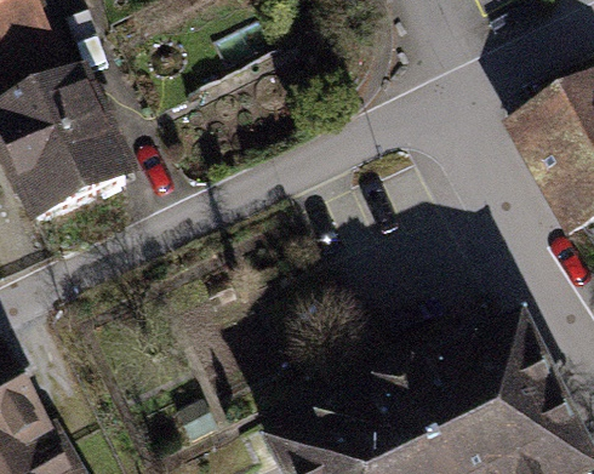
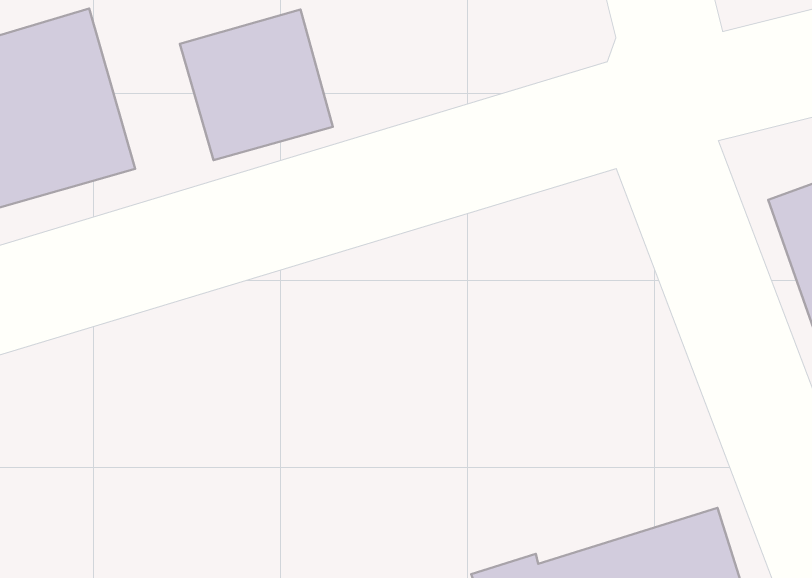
building: none -> [180,9,333,160]

